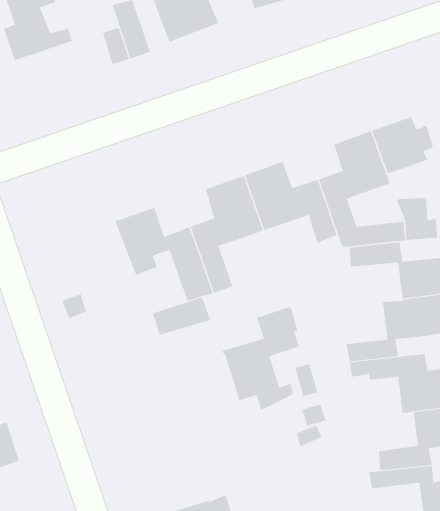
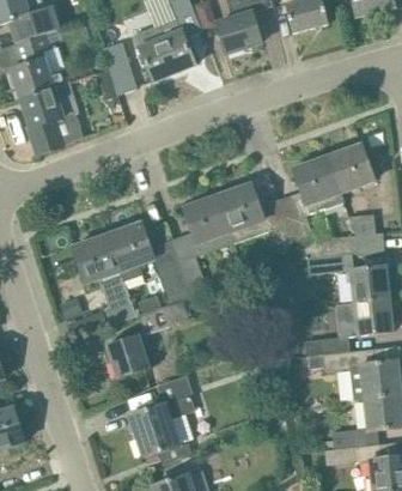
building: none -> [19,79,83,153]
building: none -> [72,234,136,323]
building: [221,306,299,411] -> [128,375,195,465]
building: none -> [105,333,150,377]

